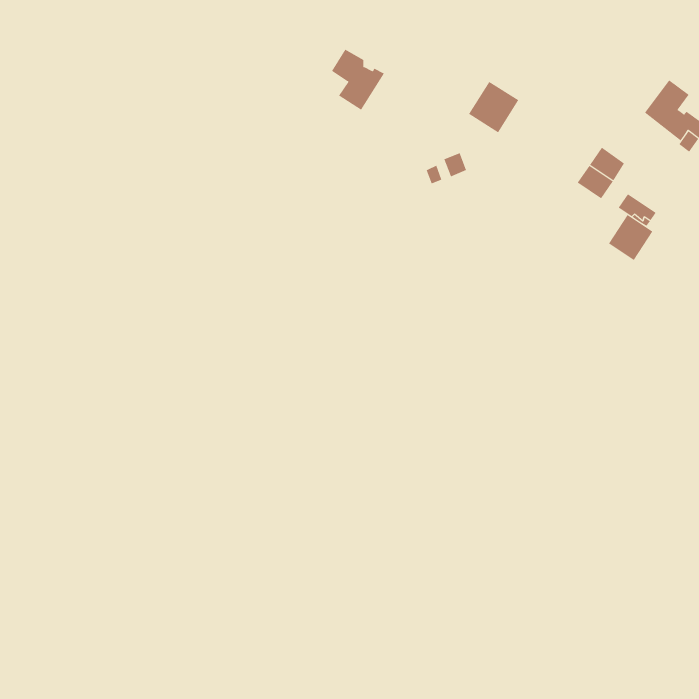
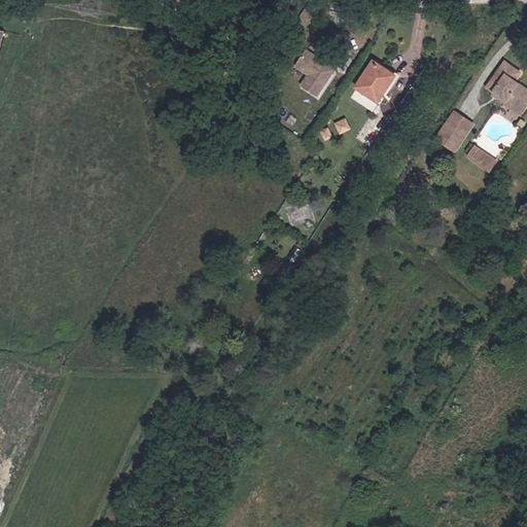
building: [331,49,385,111] -> [298,46,339,93]
building: [608,214,653,261] -> none

